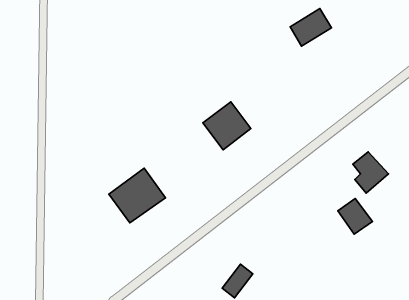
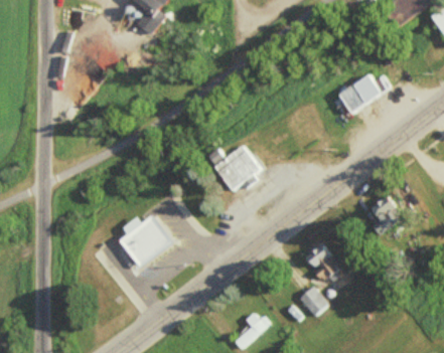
building: [290,9,331,46] -> [337,73,381,113]
building: [338,198,373,234] -> [305,243,341,281]
building: none -> [300,285,330,317]

